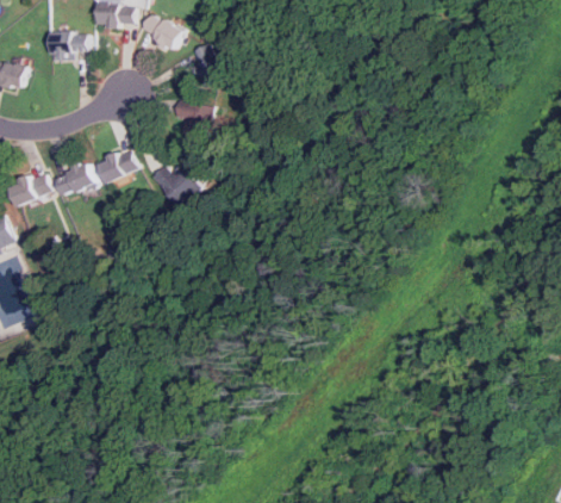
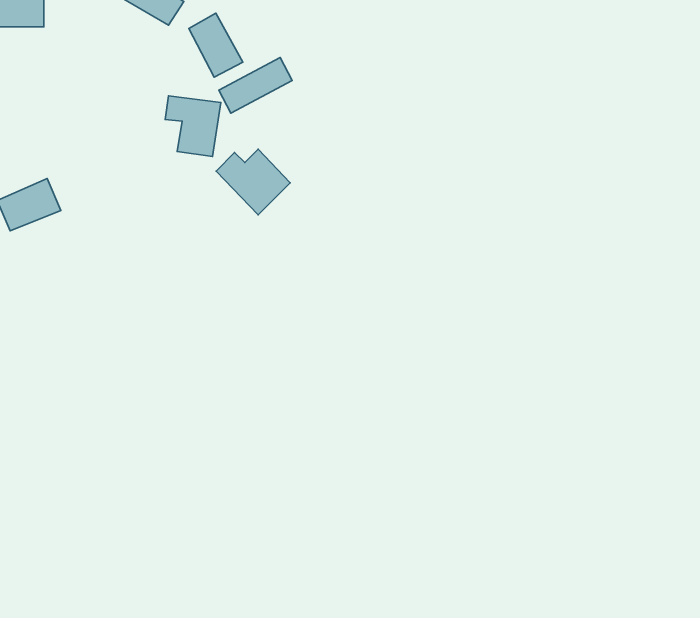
building: none -> [219,58,292,113]
building: [99,151,141,181] -> none
building: [149,162,201,209] -> [216,149,290,215]

